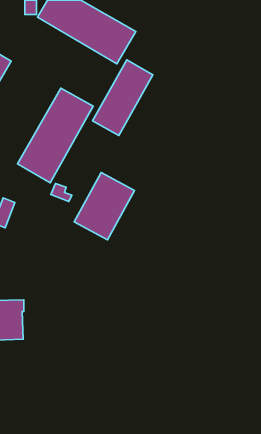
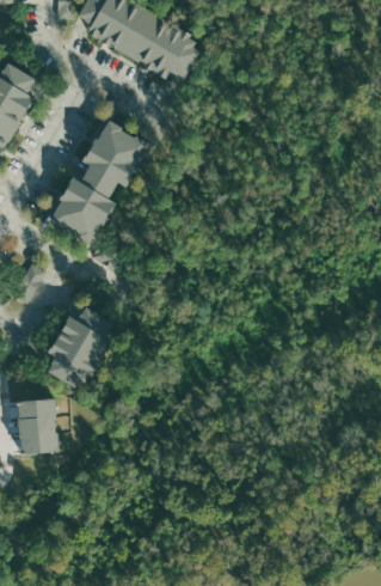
building: [92,60,153,135] -> none
building: [74,172,135,240] -> [42,303,122,392]

